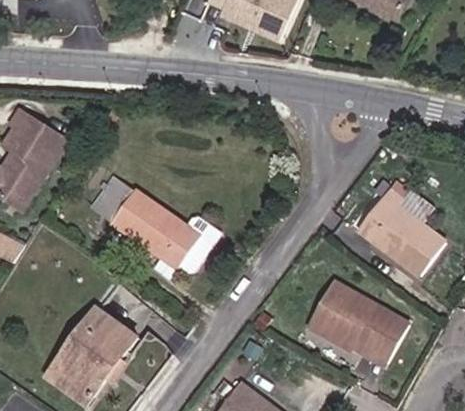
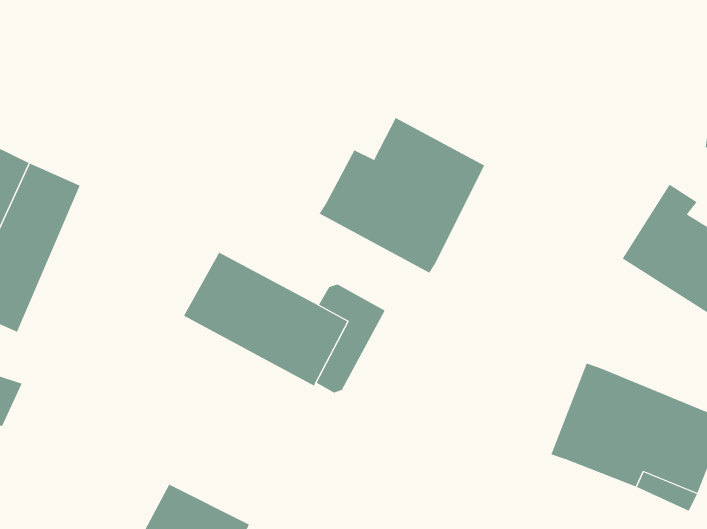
building: none -> [319,117,485,273]
building: [95,174,140,222] -> none

